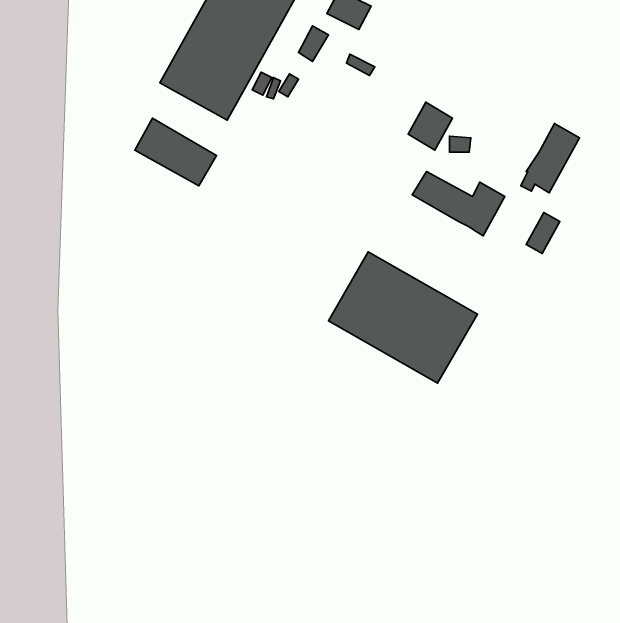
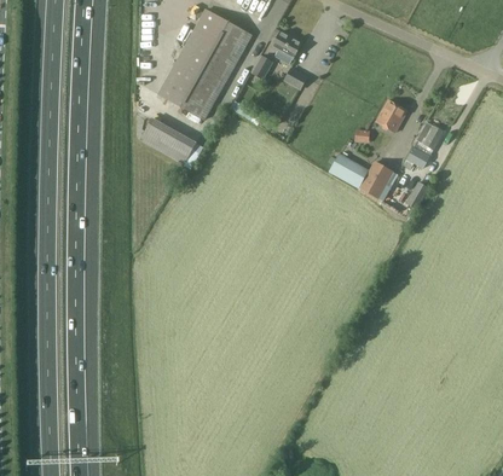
building: [408,102,453,150] -> [377,99,407,132]
building: [328,252,477,383] -> none

